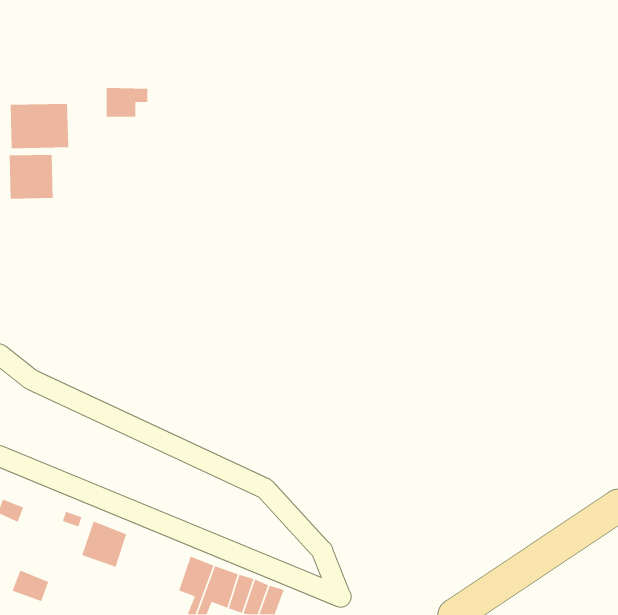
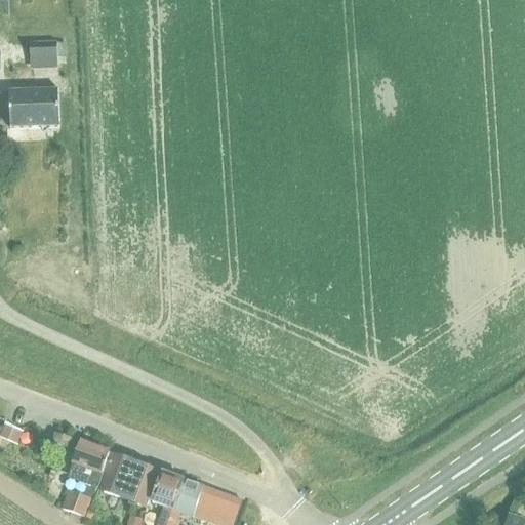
building: [106,87,148,117] -> [29,40,65,66]
building: [9,154,54,199] -> none
building: none -> [102,452,158,498]
building: [12,569,49,602] -> [59,488,91,516]

